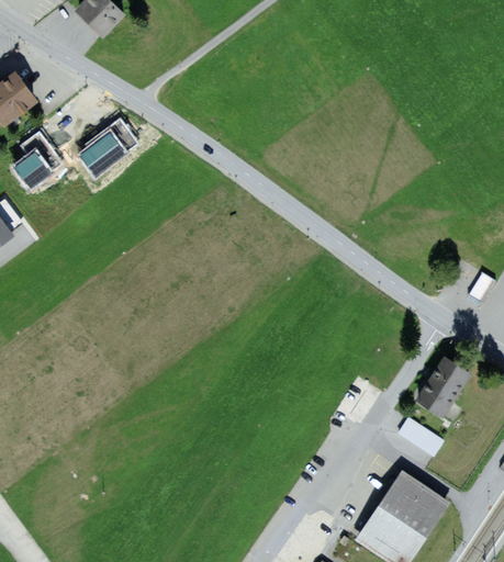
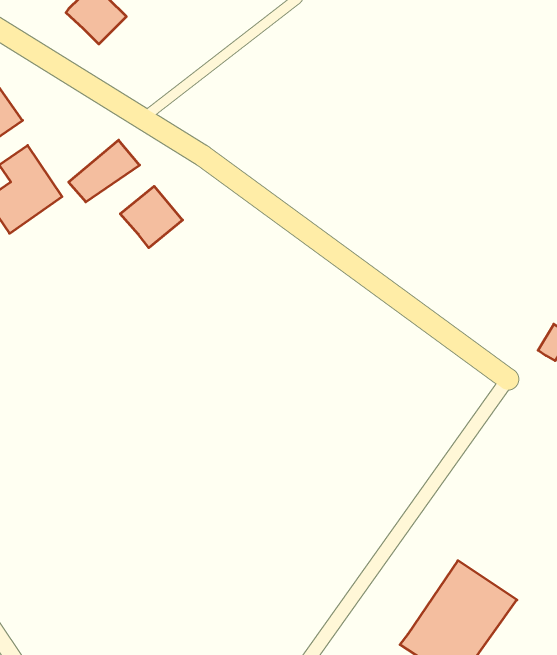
building: none -> [120,186,183,248]
building: [415,356,473,418] -> none
building: [399,416,444,456] -> none

